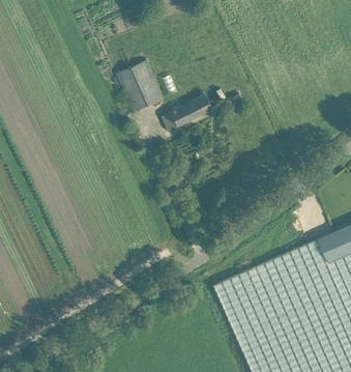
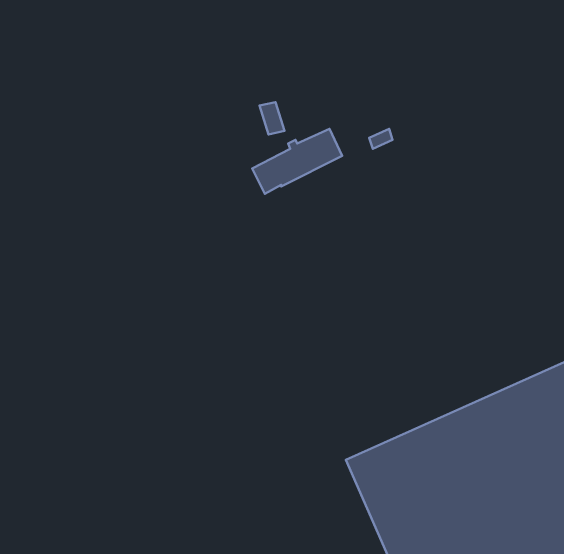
building: [115,60,164,112] -> none

